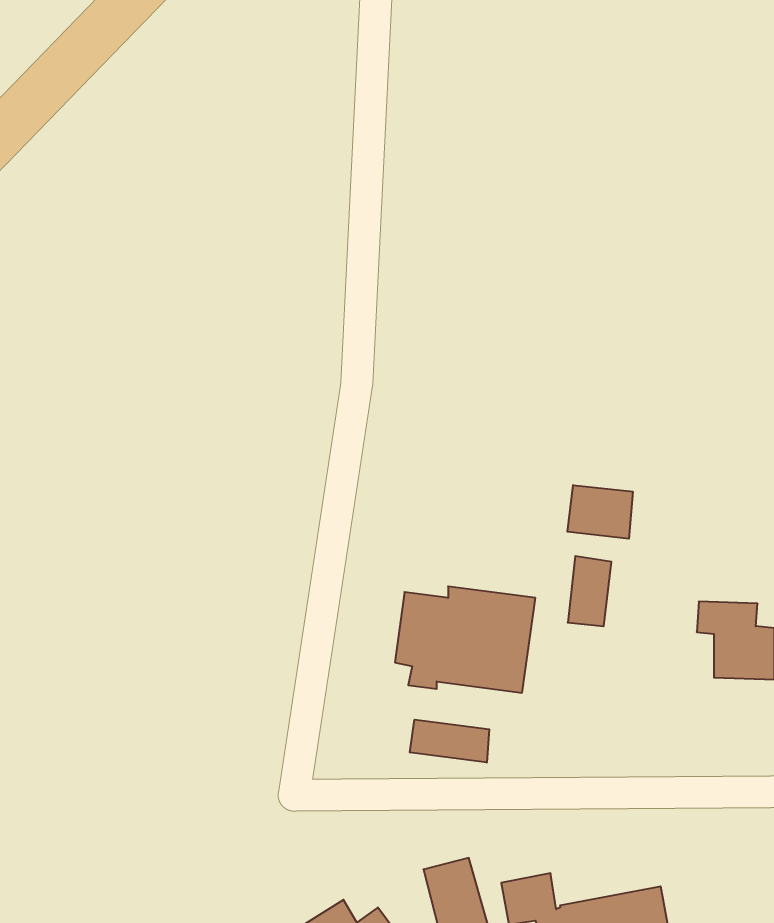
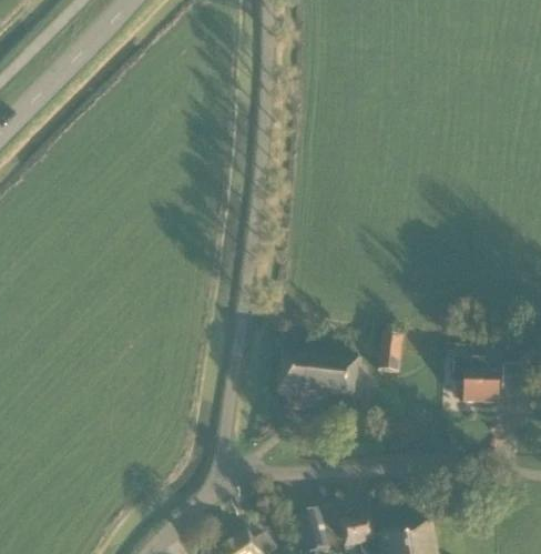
building: [567,485,633,539] -> none
building: [410,720,489,763] -> none

